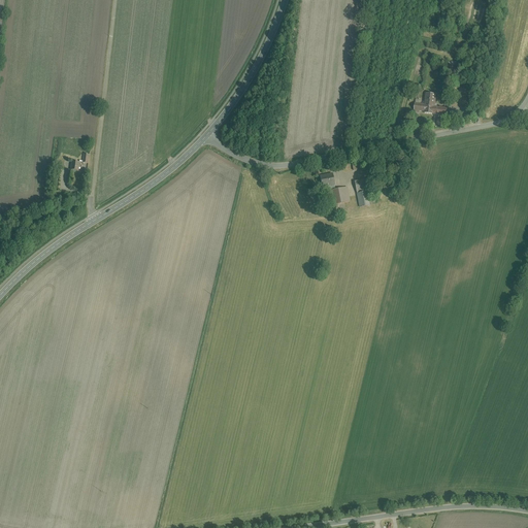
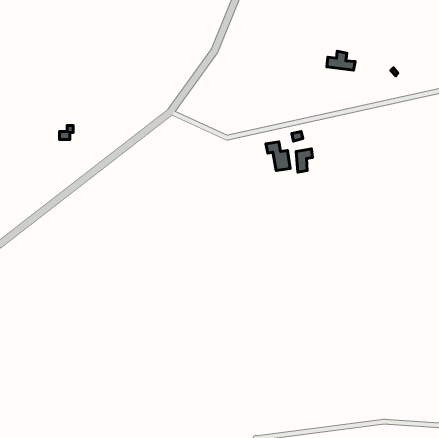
building: [412,91,447,113] -> [327,51,355,70]

